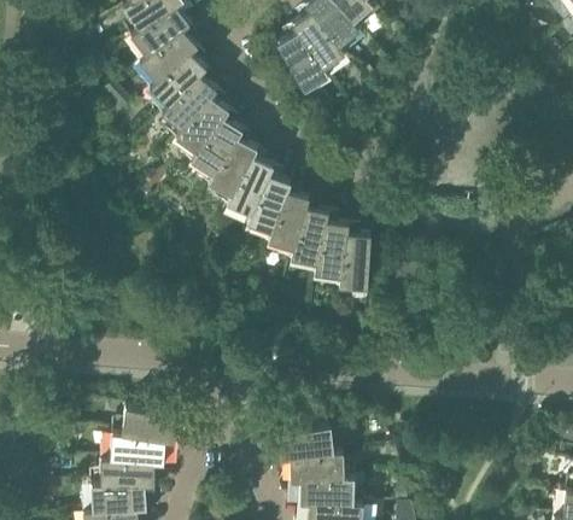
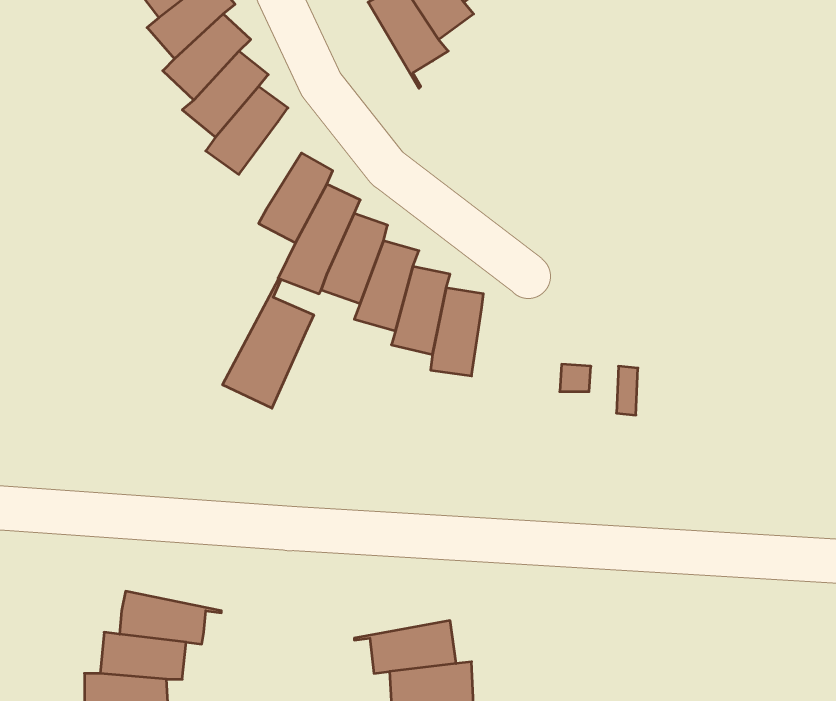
building: [192,121,241,175] -> none
building: none -> [223,279,314,408]
building: [340,236,370,298] -> none

